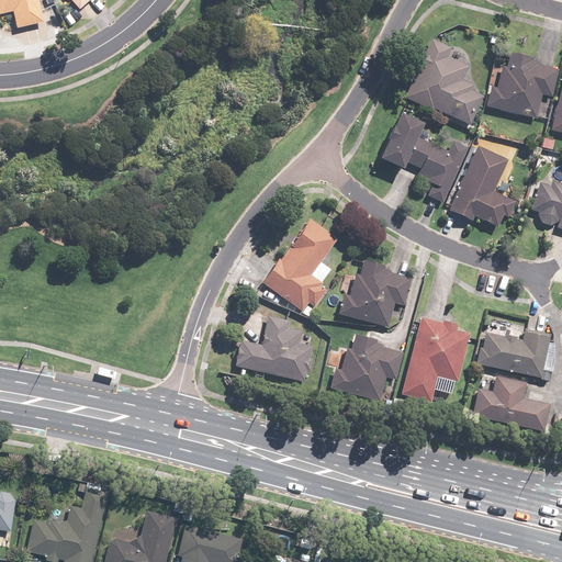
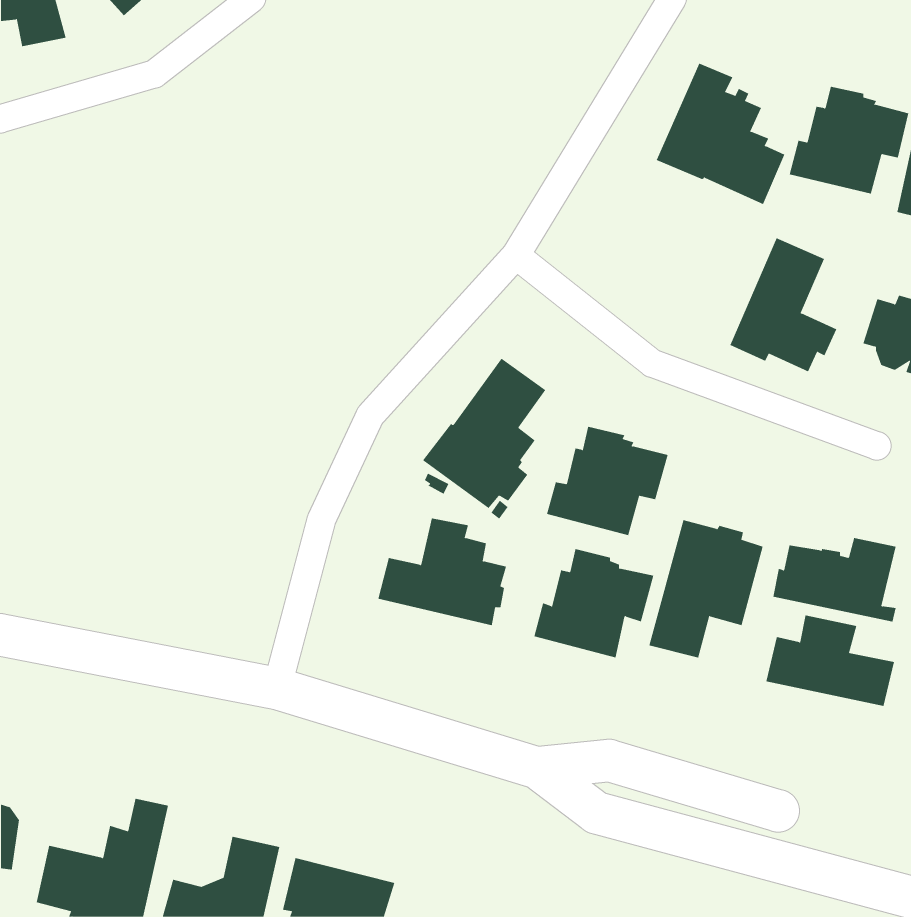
building: [378,114,469,203] -> none

